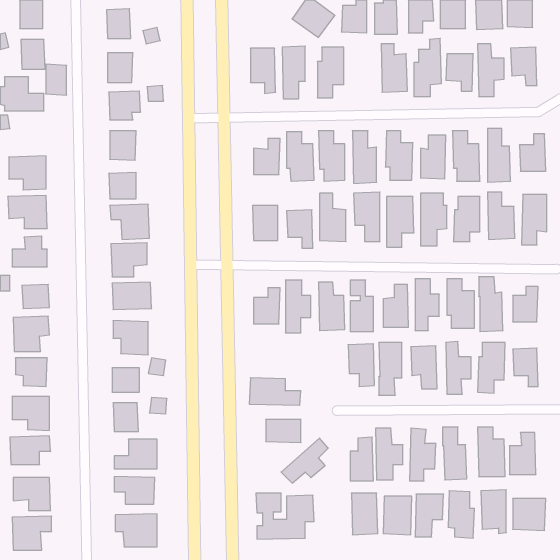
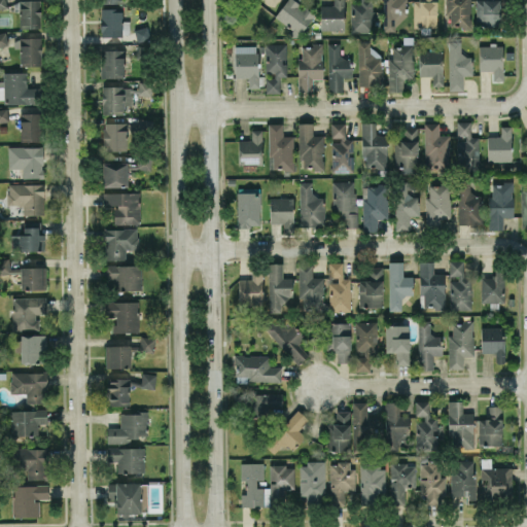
building: none -> [328,44,352,93]
building: [46,64,67,95] -> [22,113,41,142]
building: none -> [266,316,309,365]
building: none -> [301,462,326,504]

